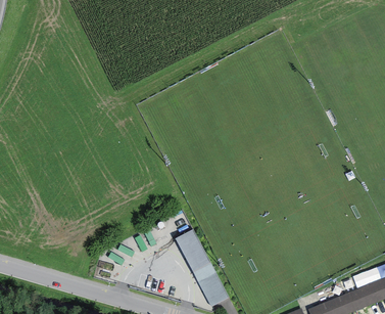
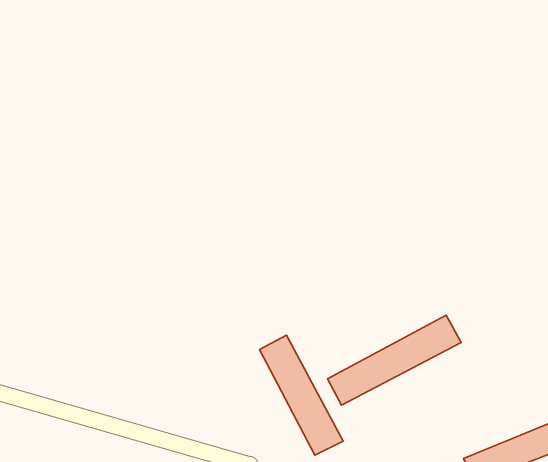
building: none -> [328,315,461,405]

